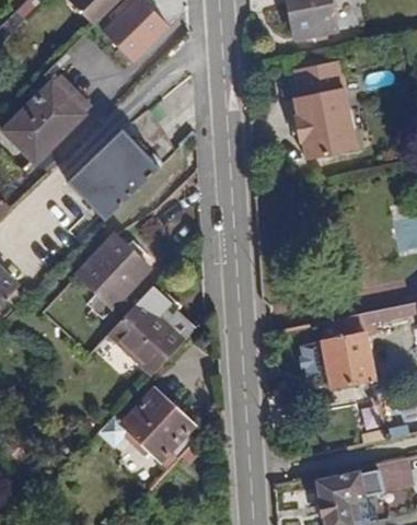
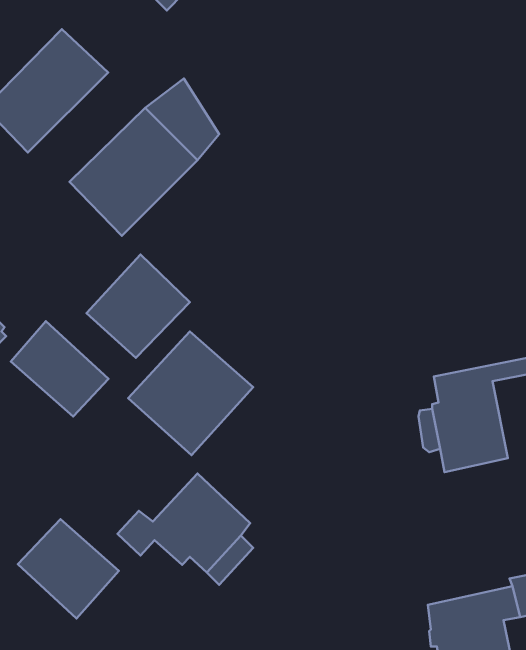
building: [292,63,354,160] -> none
building: none -> [11,321,109,417]
building: none -> [18,519,119,619]

